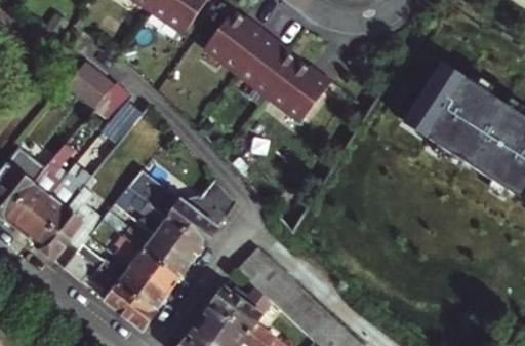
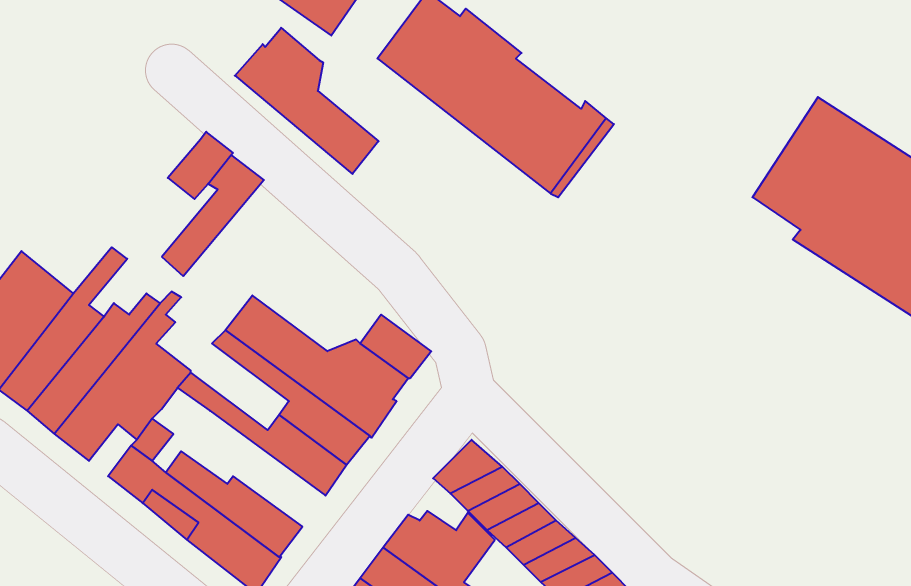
building: none -> [235,28,379,174]
building: [68,64,114,108] -> none
building: [107,232,180,294] -> none

